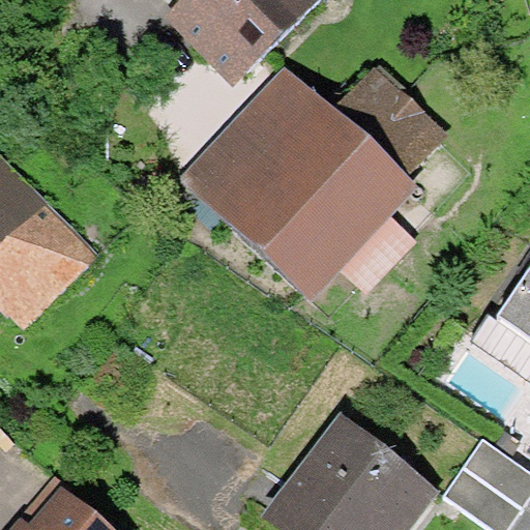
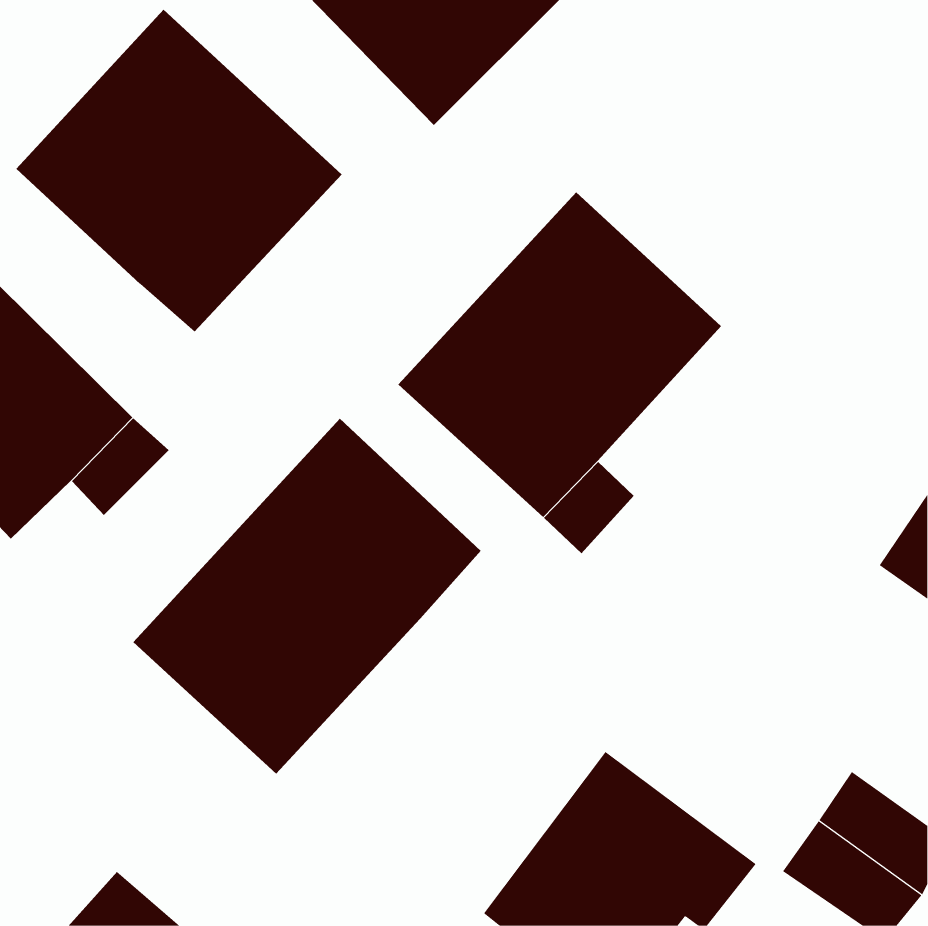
building: none -> [16,9,343,333]
building: [187,75,327,218] -> none
building: none -> [133,418,481,775]

